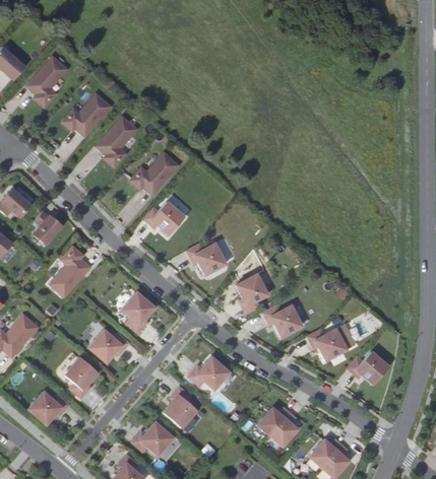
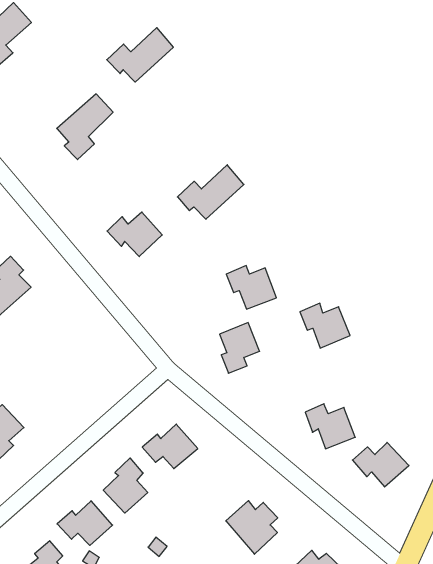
building: [62,93,111,136] -> [107,28,173,82]
building: [130,152,179,195] -> [177,165,244,219]
building: [187,243,227,275] -> [226,266,276,309]
building: [122,291,155,333] -> none
building: [263,304,303,338] -> [300,303,350,348]
building: [89,329,130,363] -> none

